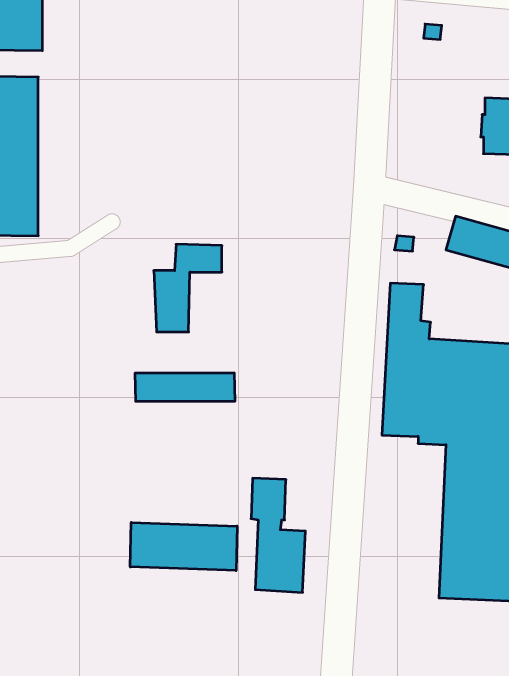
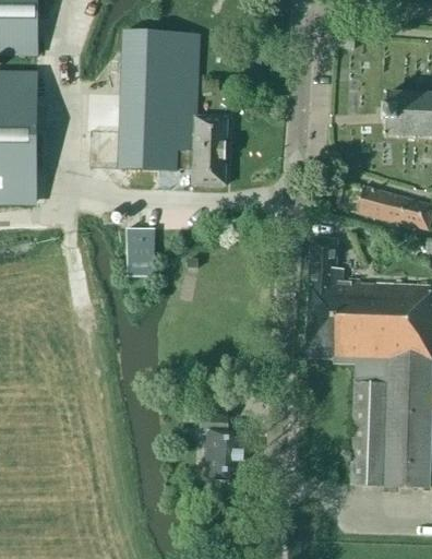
building: none -> [121,31,226,185]
building: [135,373,235,401] -> none
building: [130,522,237,571] -> none

